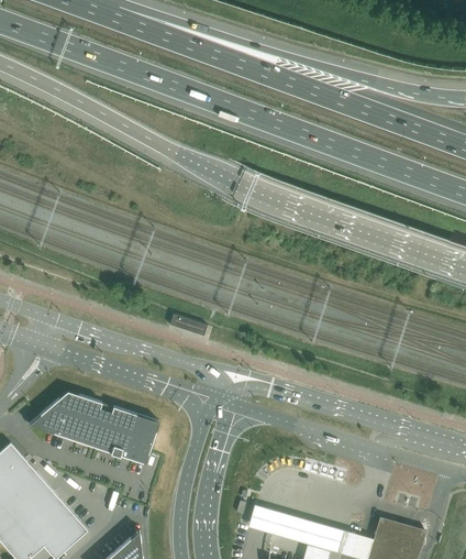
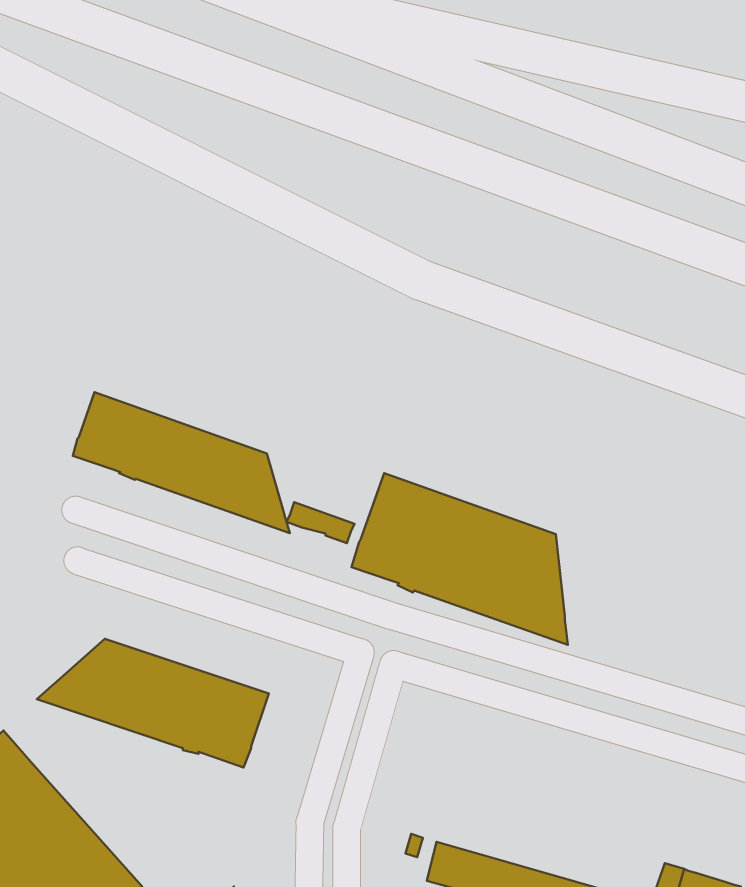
building: none -> [73,392,290,533]
building: none -> [351,473,568,645]

